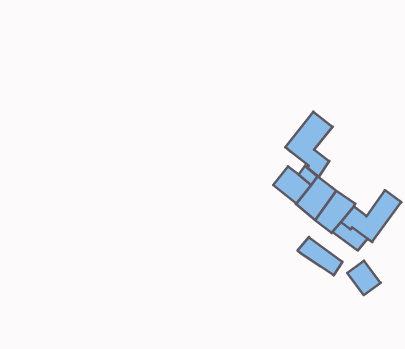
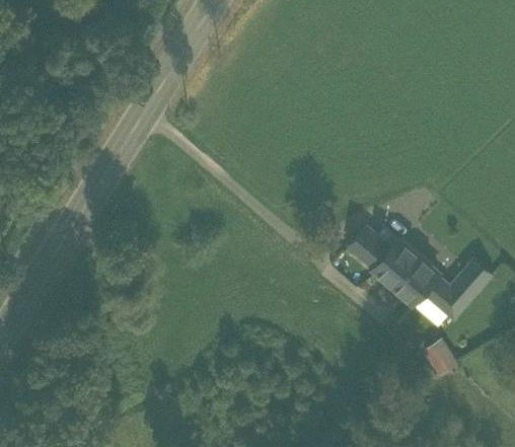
building: [285,112,333,177] -> none
building: [298,237,342,275] -> none

